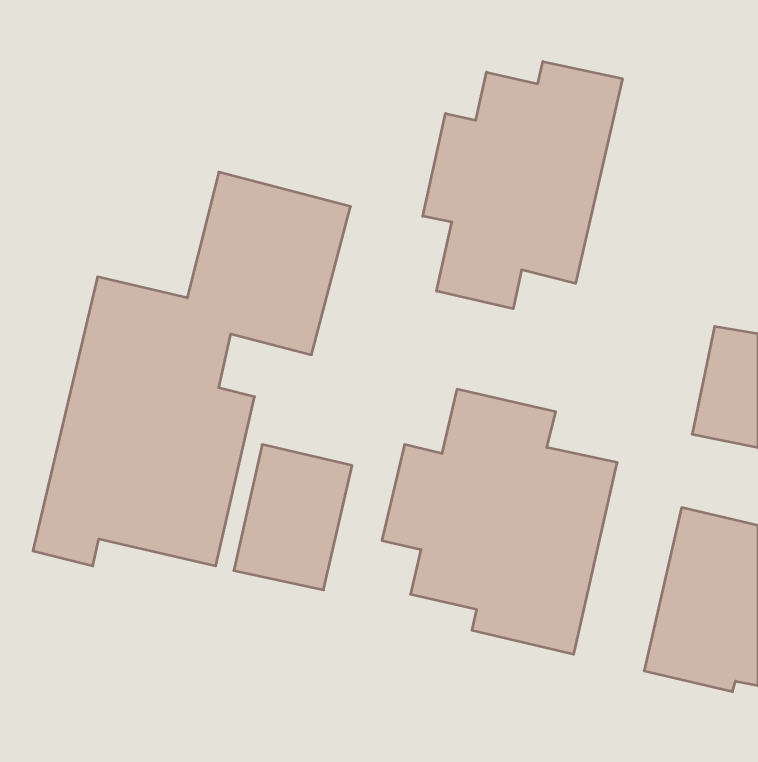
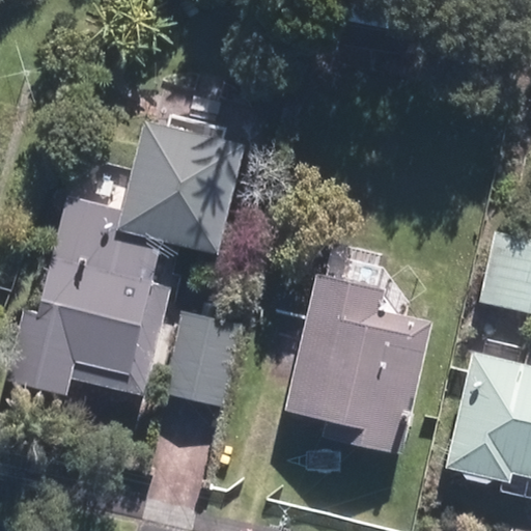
building: [423,61,622,309] -> none

